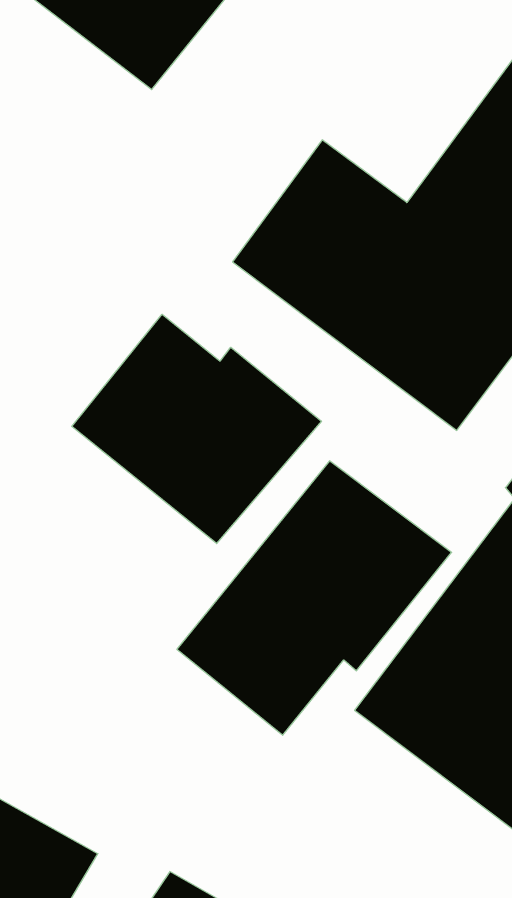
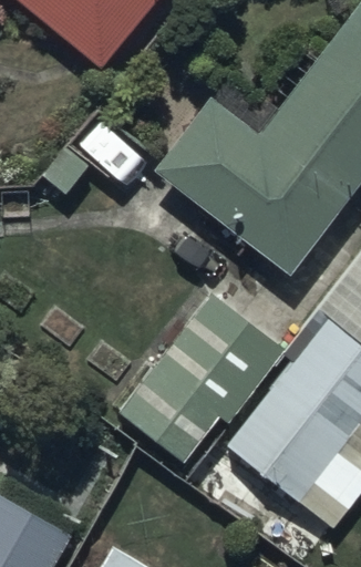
building: [72,314,321,544] -> none

